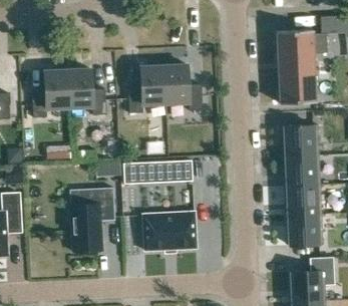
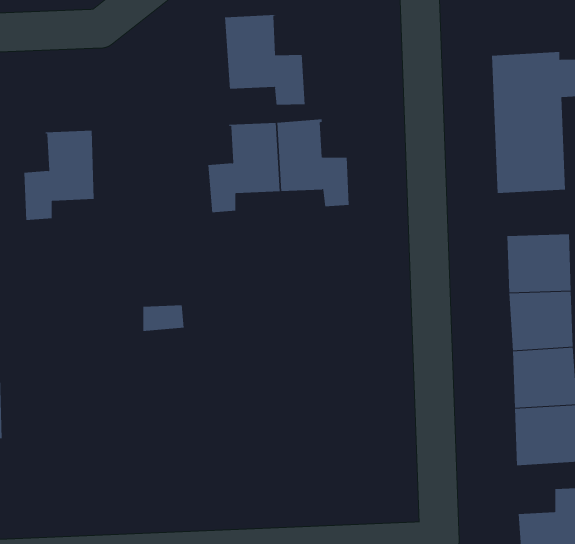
building: none -> [224,14,305,105]
building: [67,69,105,114] -> none
building: [119,160,190,181] -> none
building: [67,188,114,251] -> none
building: [143,209,190,245] -> none

